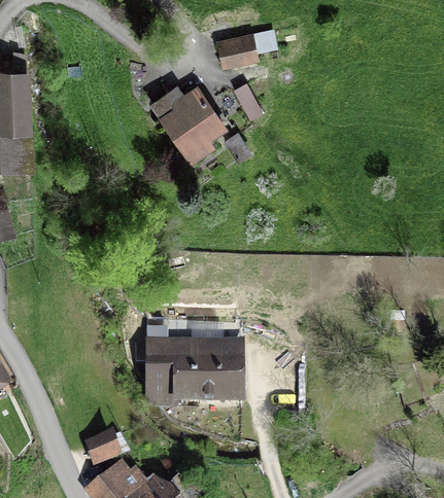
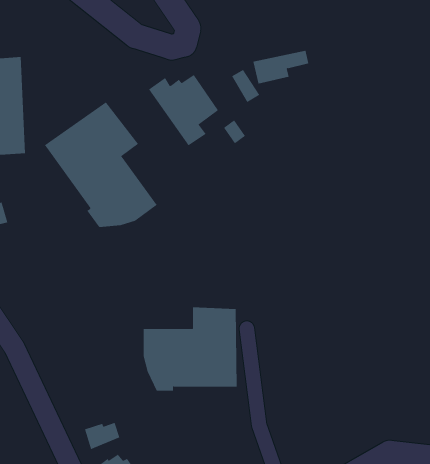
building: [218,30,275,64] -> [253,50,309,84]
building: none -> [44,101,157,228]

